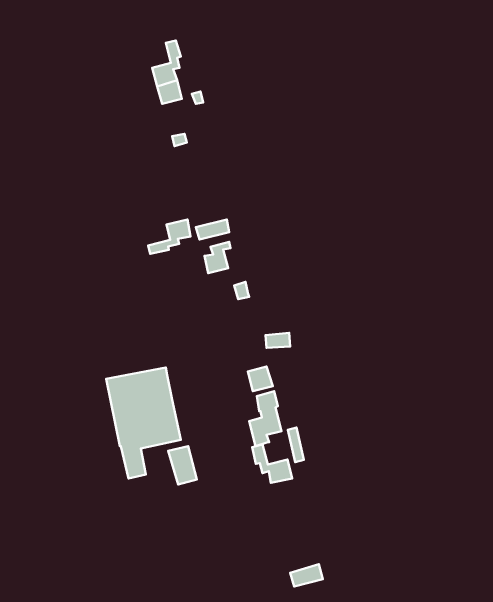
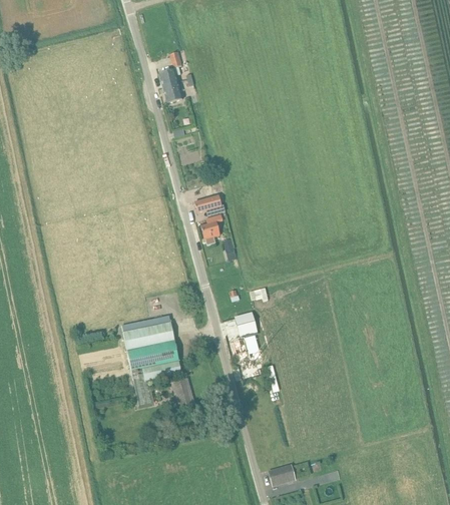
building: [148,220,191,254] -> none
building: [252,445,292,483] -> none

